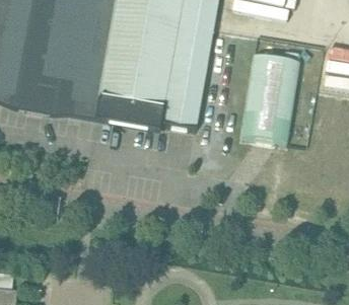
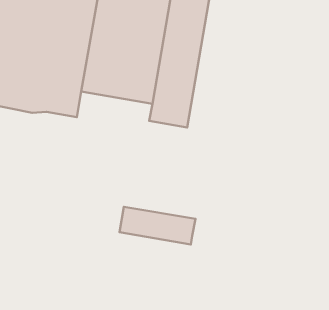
building: [241,52,299,141] -> none
building: [94,95,163,130] -> [120,207,195,245]

